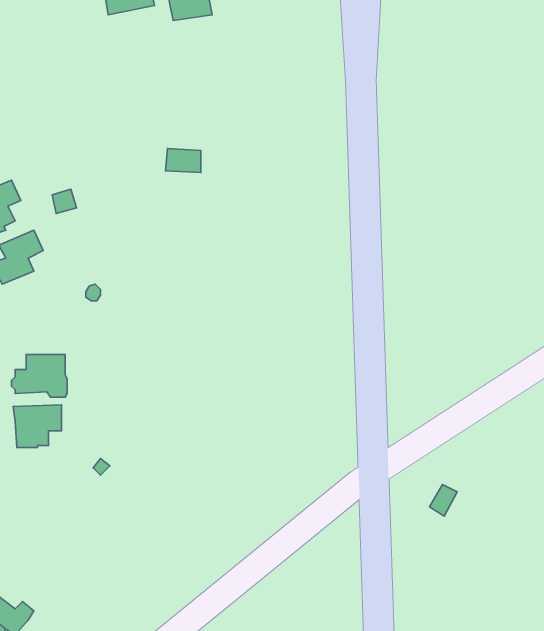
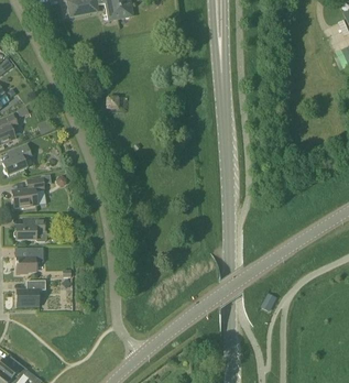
building: none -> [11,175,44,207]
building: none -> [17,278,45,305]

